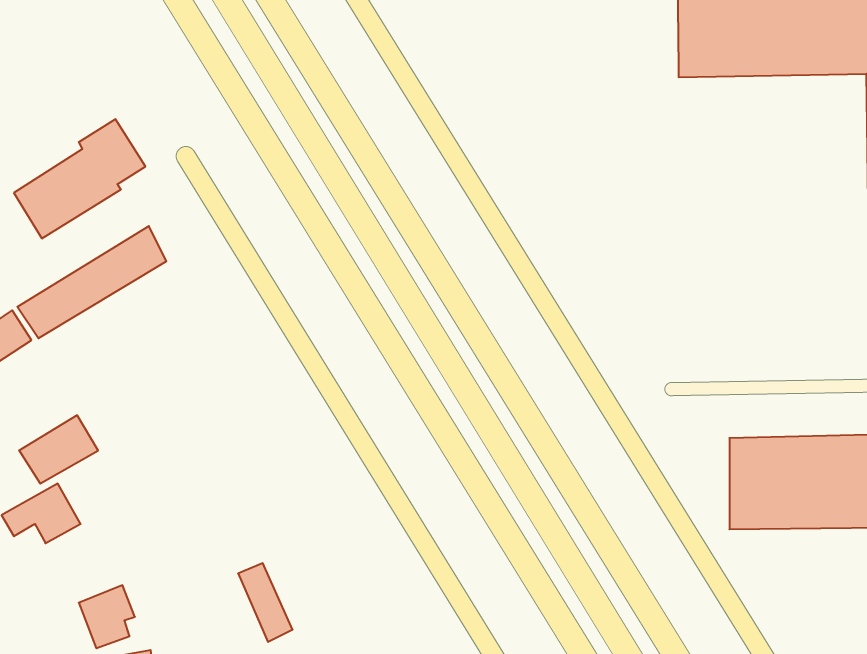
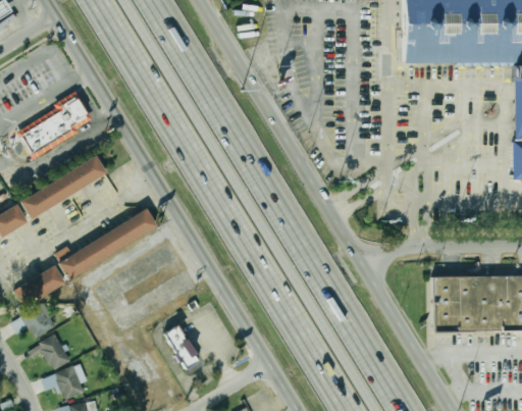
building: none -> [59,208,157,281]
building: none -> [30,335,71,371]
building: [238,563,293,642] -> [168,325,200,371]

